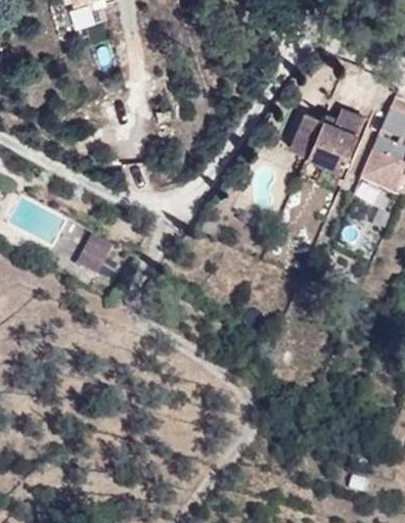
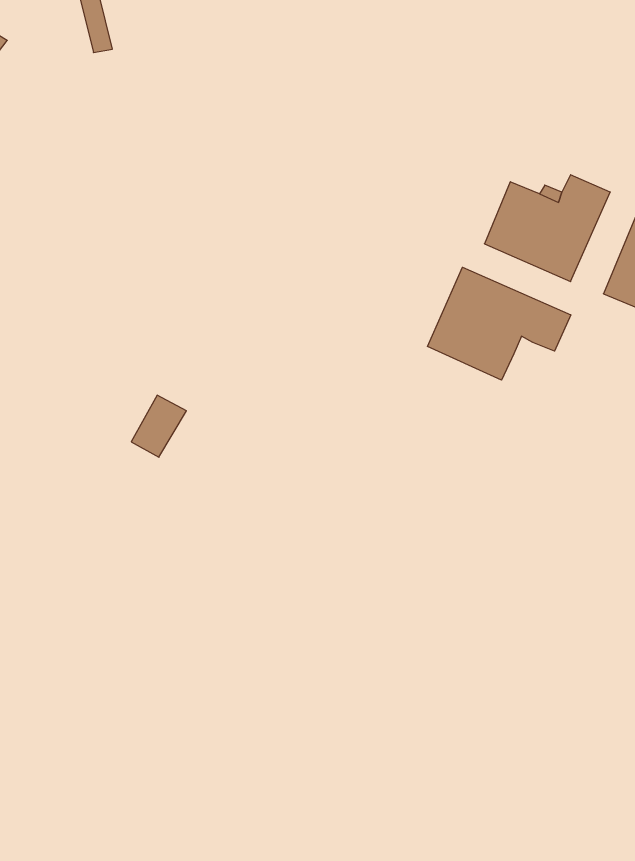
building: none -> [428,267,571,380]

